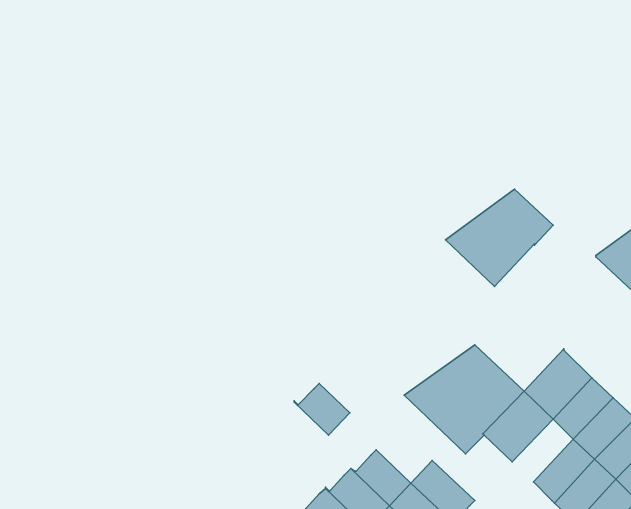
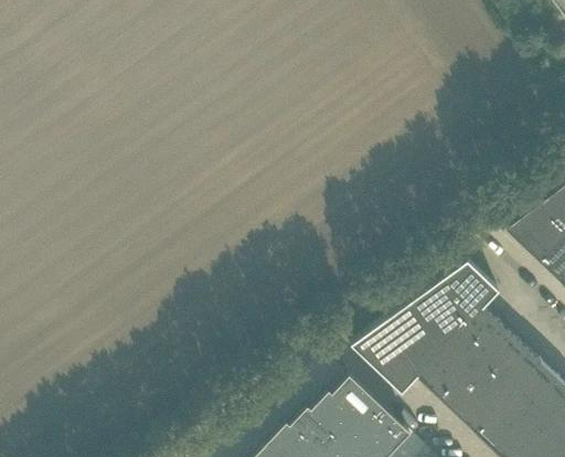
building: [445,189,553,286] -> [412,262,501,342]
building: [294,383,350,435] -> [330,375,376,418]
building: none -> [443,365,493,417]

